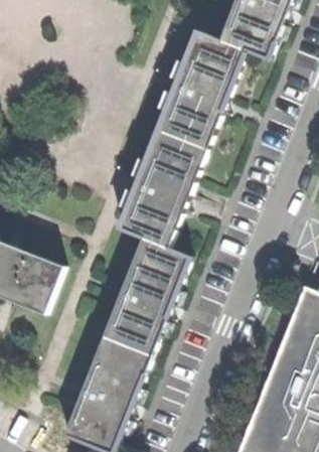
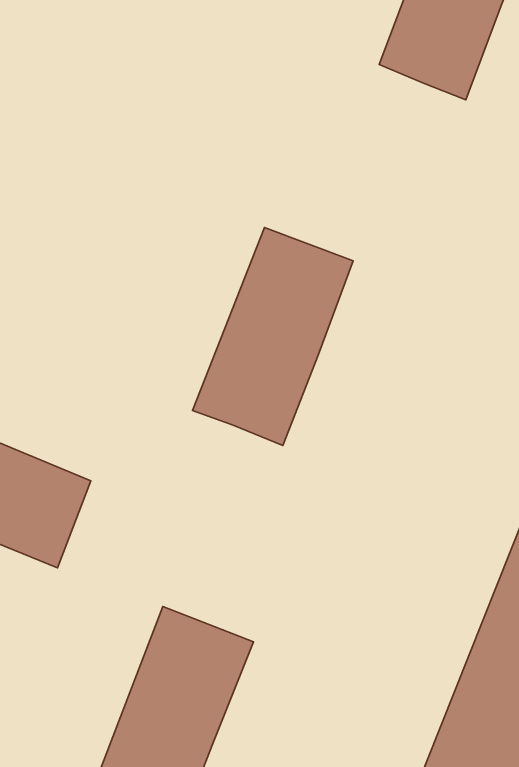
building: [160,30,247,146] -> none
building: [105,236,192,353] -> none

